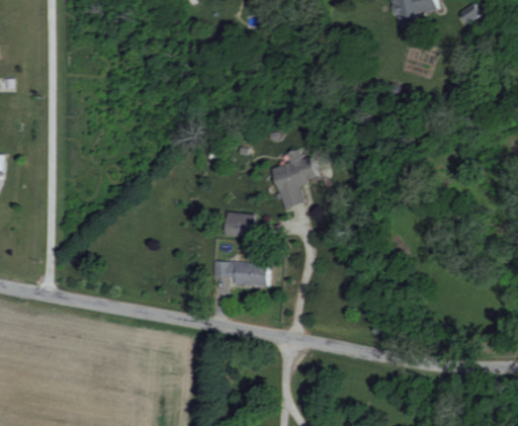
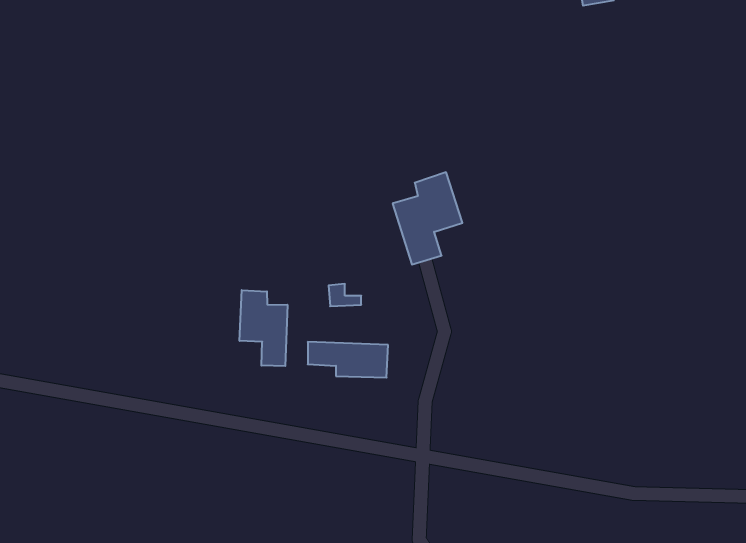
building: none -> [240,290,287,366]

